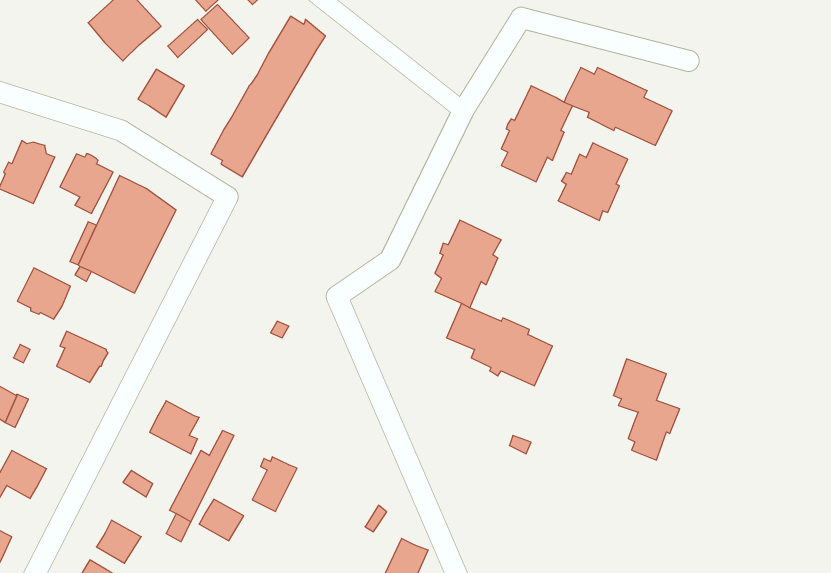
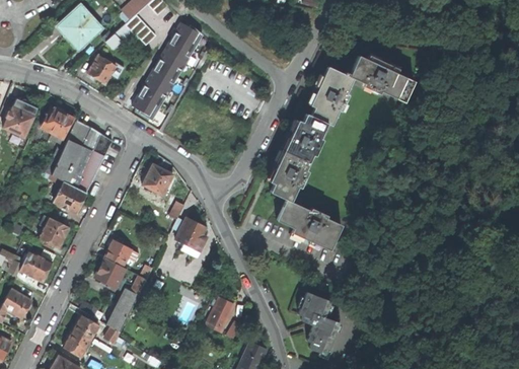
building: [558,143,628,221] -> [285,112,327,159]
building: none -> [142,163,172,195]
building: [17,268,70,319] -> [54,180,86,212]
building: none -> [175,217,206,256]
building: [613,359,680,460] -> [297,292,338,354]
building: none -> [105,240,134,267]
building: none -> [19,249,52,280]
building: [252,457,297,511] -> [206,298,233,331]
building: [199,499,244,541] -> [72,315,99,341]

